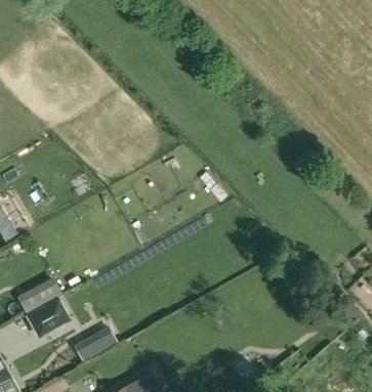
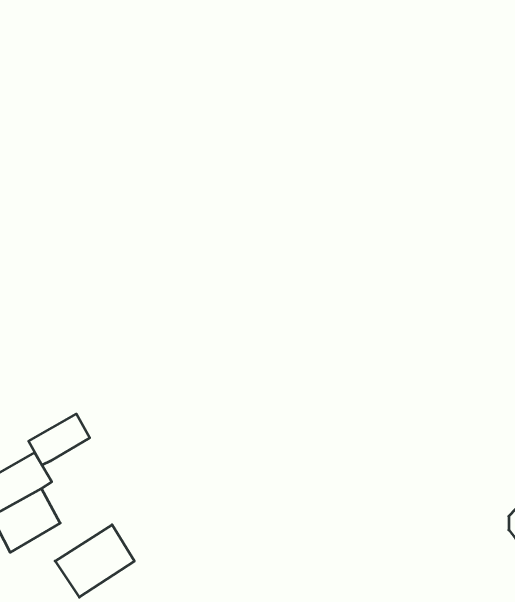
building: none -> [29,414,90,465]

